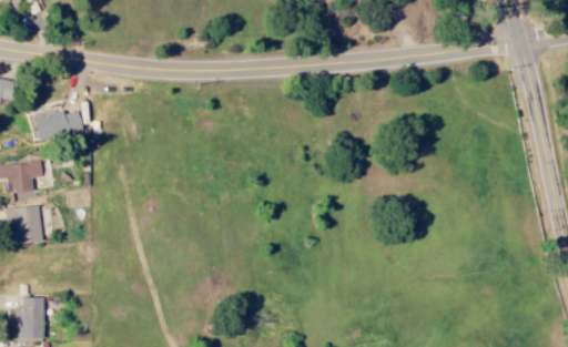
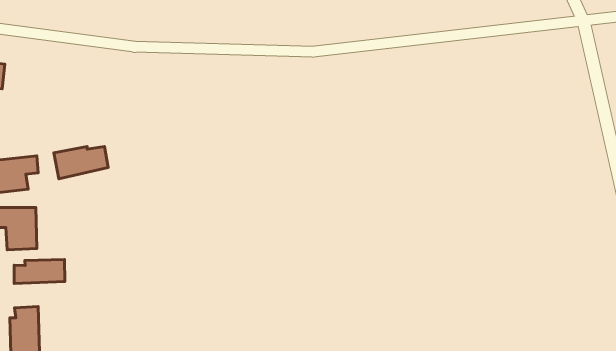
building: [33,112,82,141] -> [54,147,108,179]
building: none -> [14,259,65,283]

